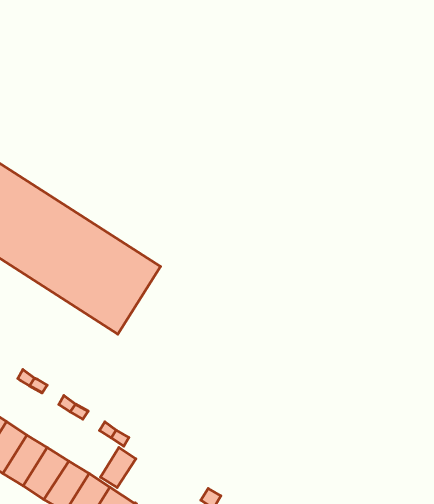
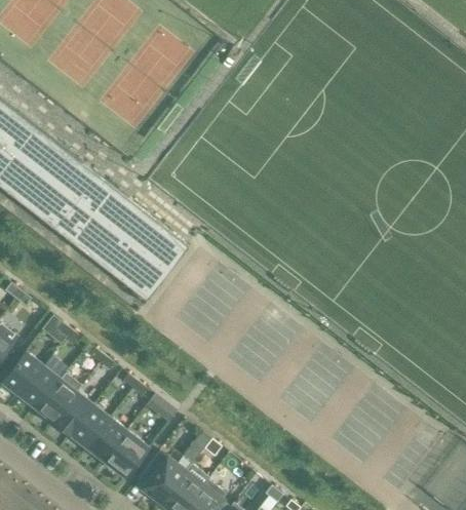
building: [101,448,136,487] -> none

